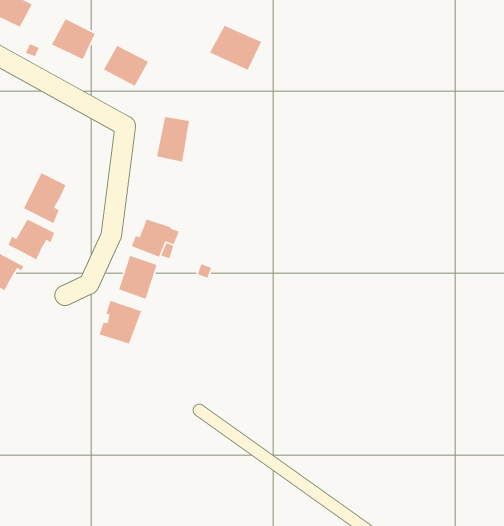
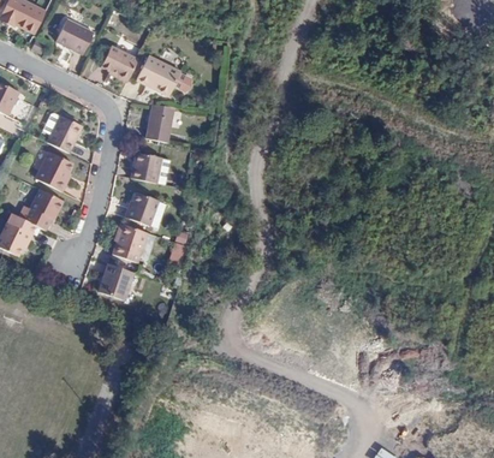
building: [209,25,262,71] -> [137,55,183,95]
building: none -> [42,111,82,151]
building: none -> [131,150,161,182]

